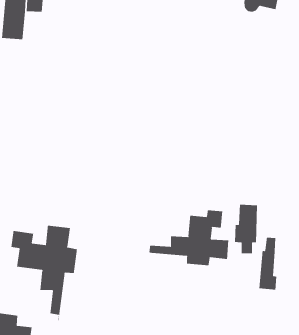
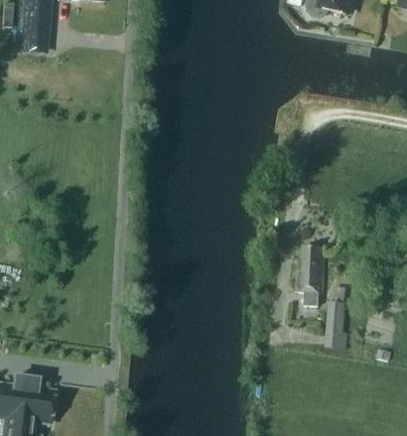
building: [144,209,229,266] -> none
building: [11,225,77,321] -> none

